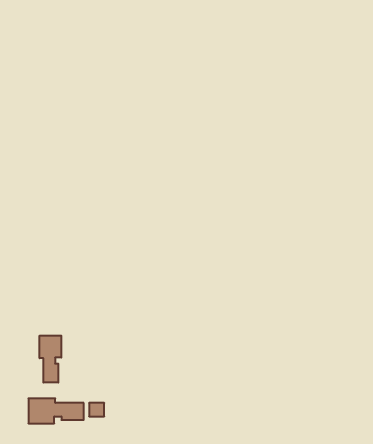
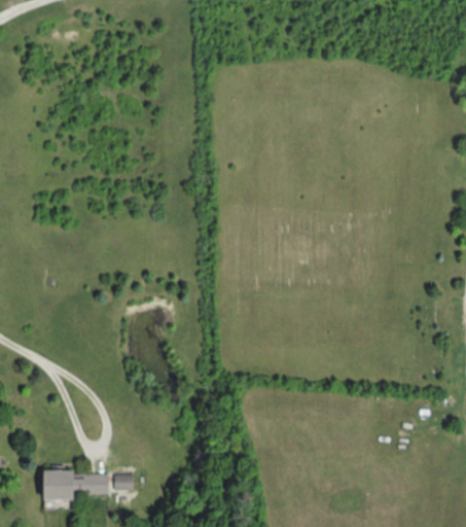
building: [40,336,61,383] -> none

